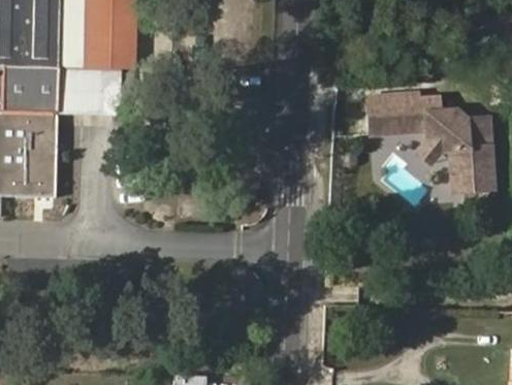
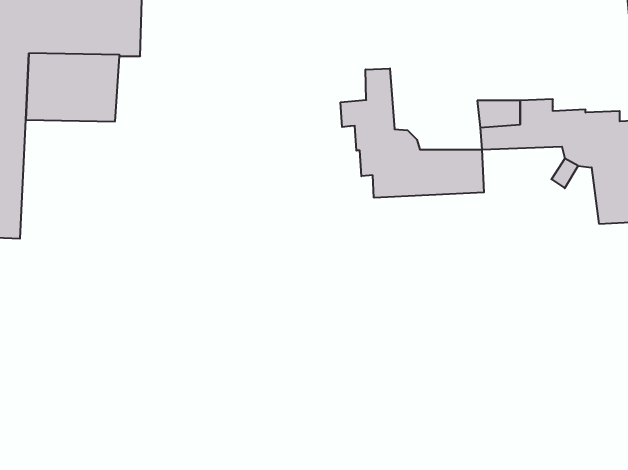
building: none -> [341,68,484,198]

